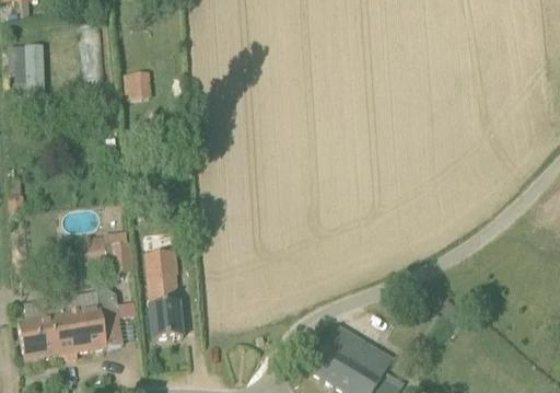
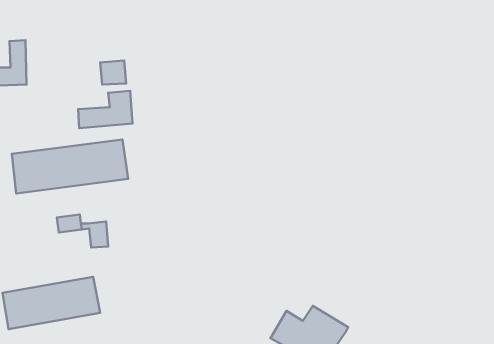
building: none -> [78,91,132,128]
building: none -> [12,139,128,193]
building: [145,256,183,338] -> none

